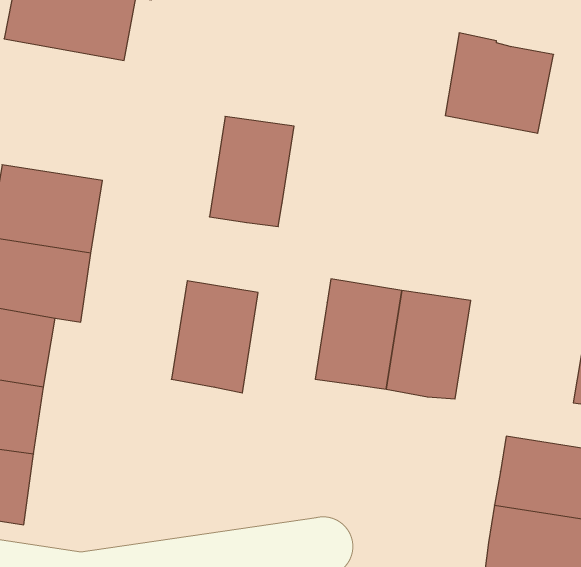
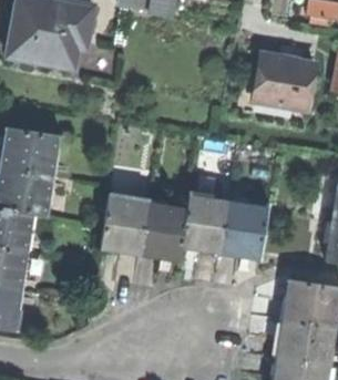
building: [209,116,294,227] -> [140,199,187,261]

